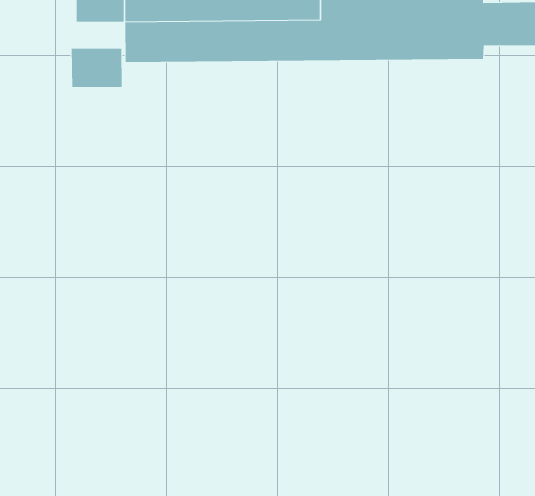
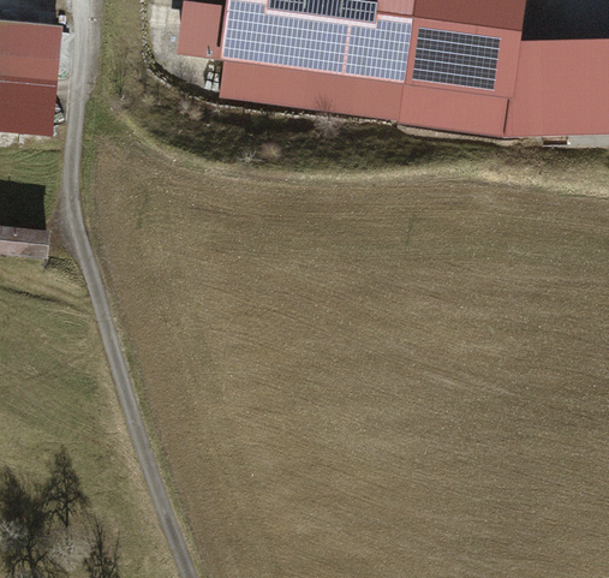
building: [71,48,122,88] -> none

